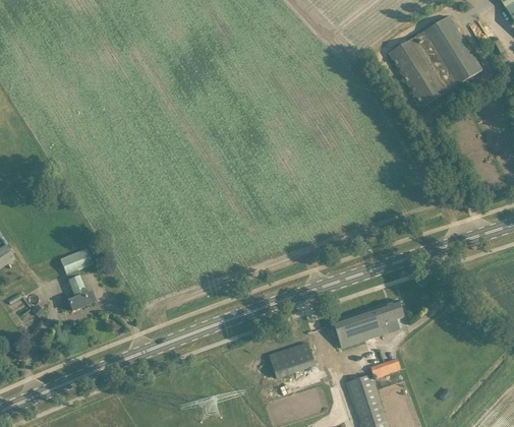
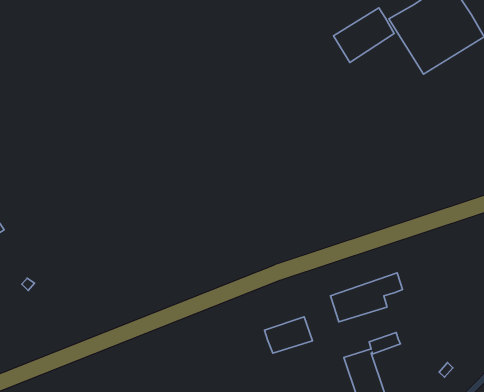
building: none -> [334,8,394,62]
building: [59,248,95,310] -> none

